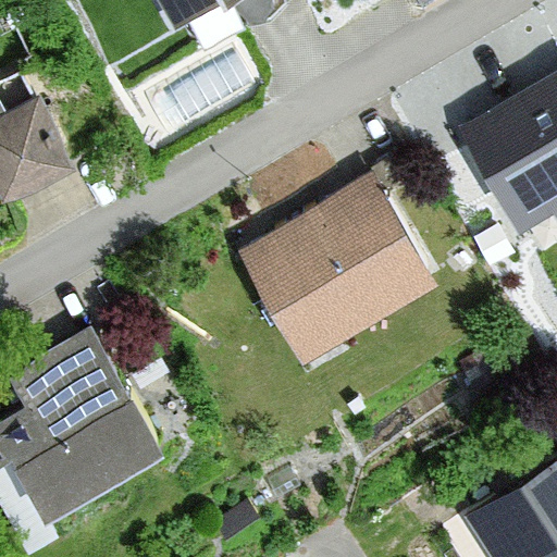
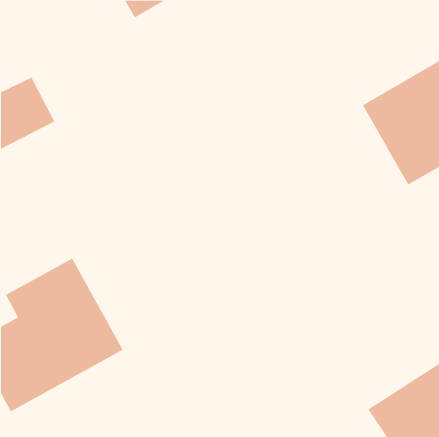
building: [237,176,432,361] -> none

